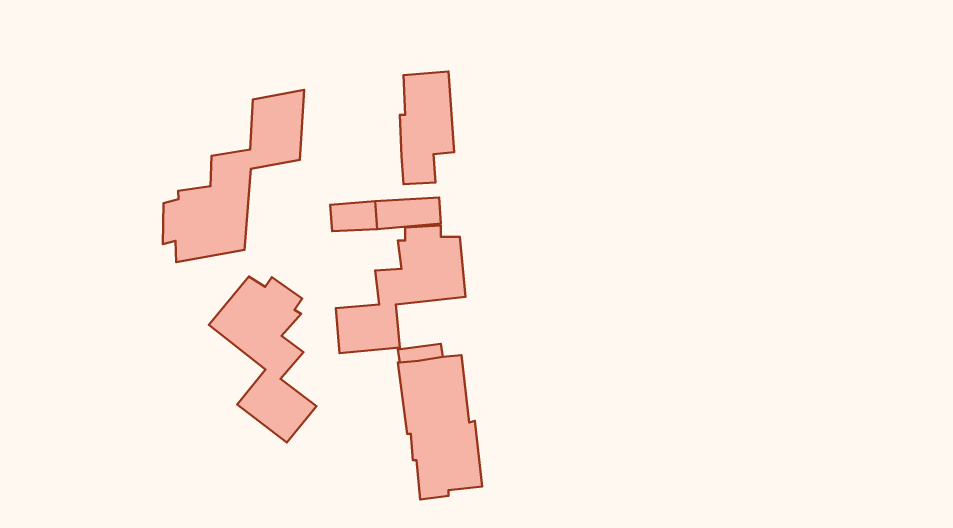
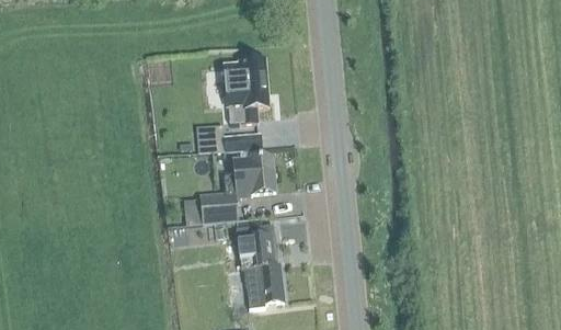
building: [163,90,304,262] -> none
building: [209,276,316,442] -> none

